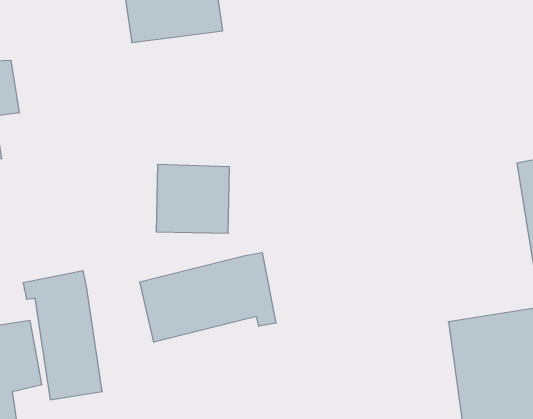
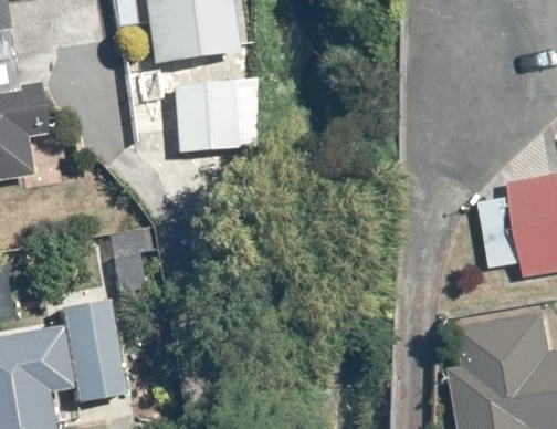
building: [156,165,229,233] -> [157,77,225,142]
building: [140,252,276,342] -> none

